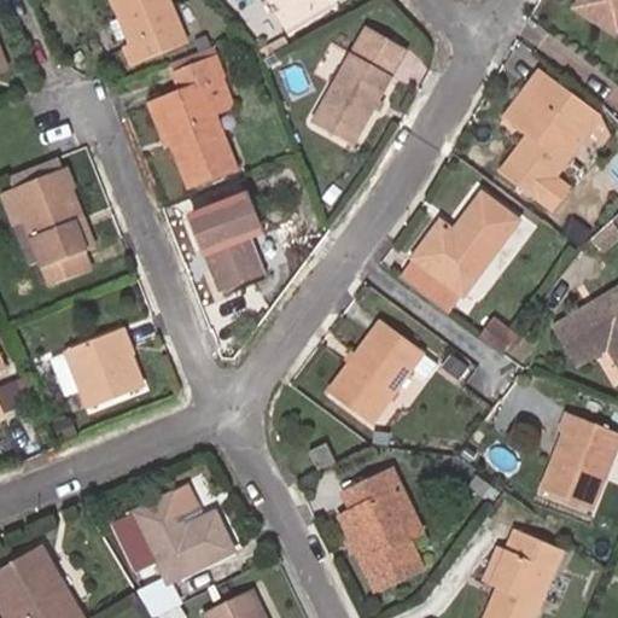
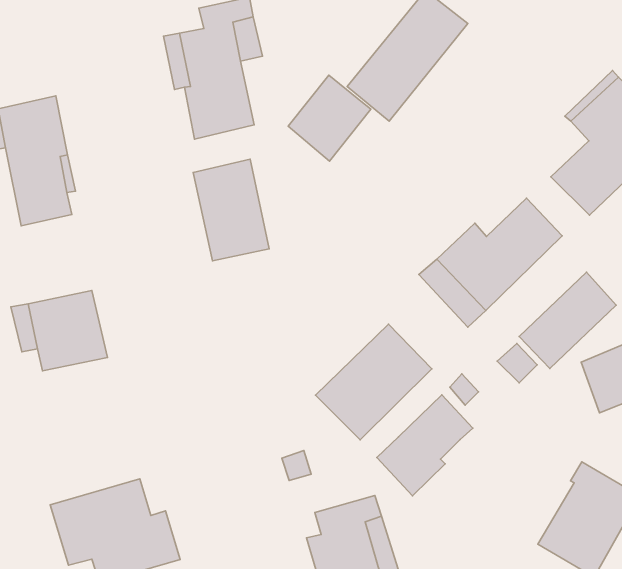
building: none -> [288,75,371,161]
building: none -> [519,272,616,368]
building: none -> [377,395,473,496]

